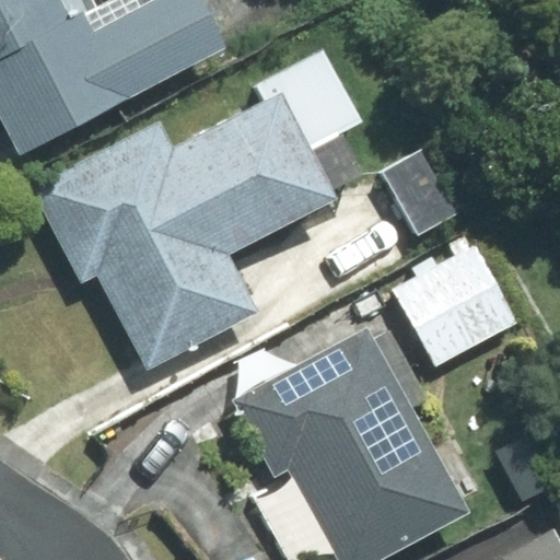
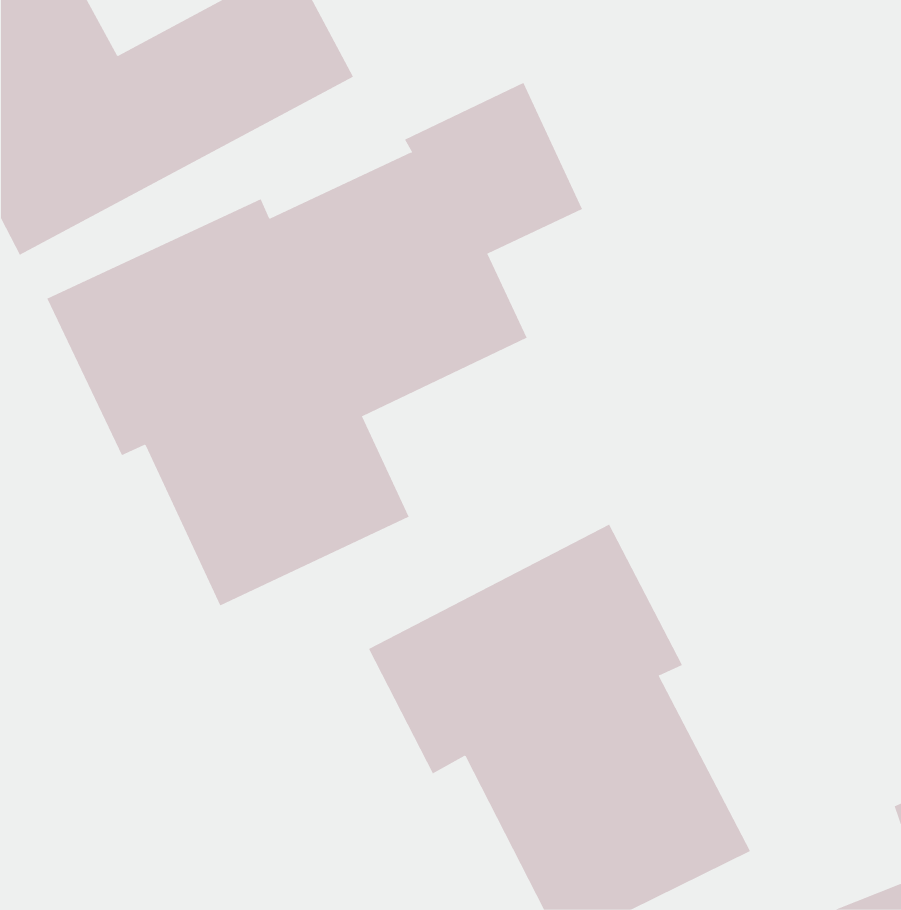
building: [389,241,515,365] -> none

